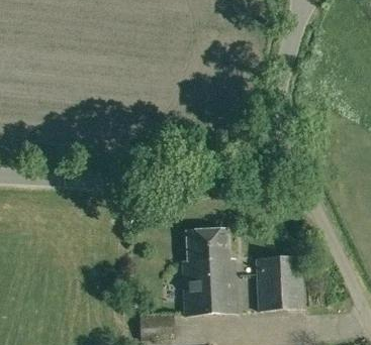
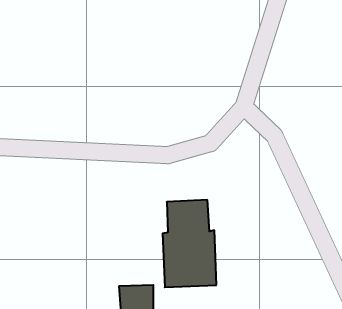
building: [256,256,303,311] -> none

